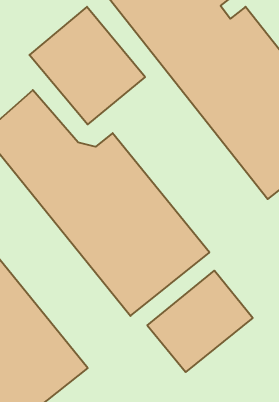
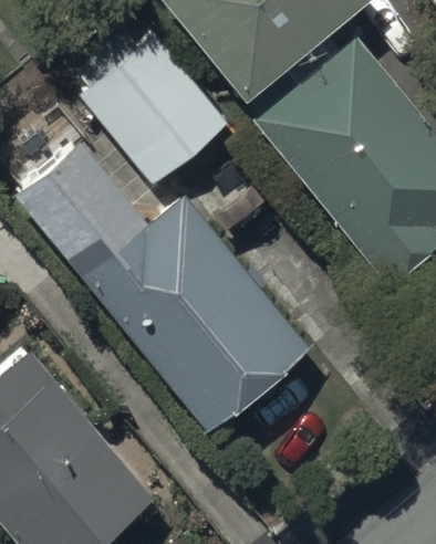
building: [147,271,253,372] -> none

